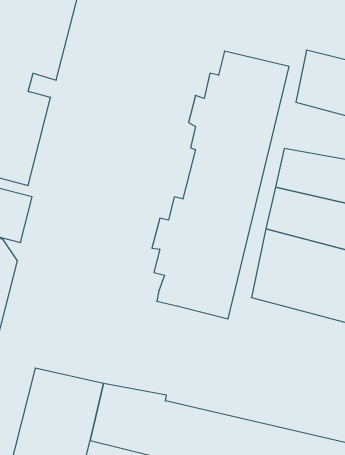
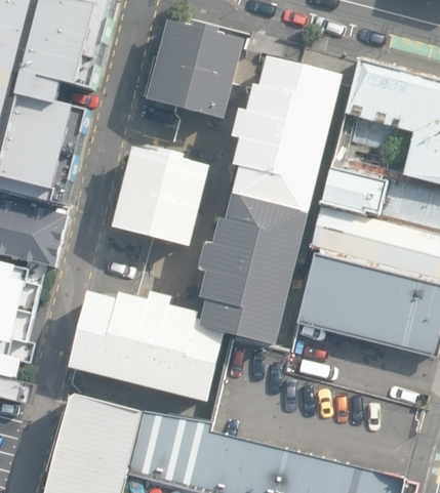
building: none -> [146,24,241,122]
building: none -> [109,149,206,249]
building: none -> [69,289,222,399]

